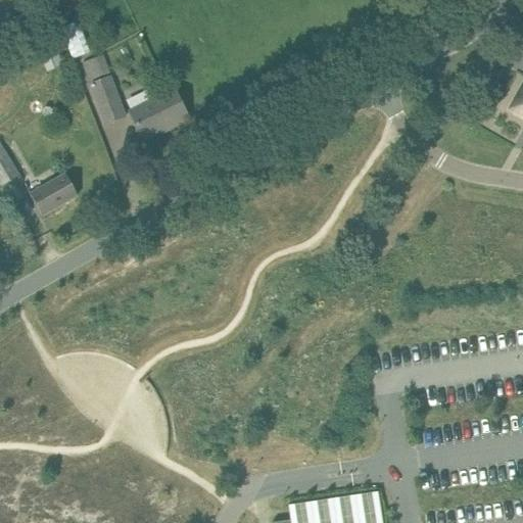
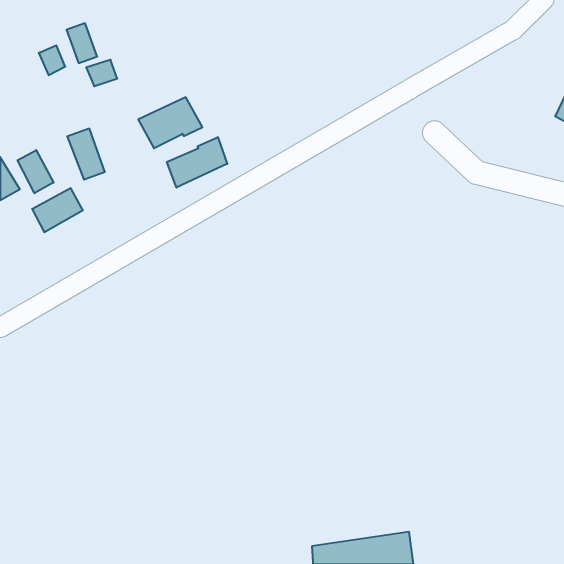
building: [90,76,125,123] -> [67,129,105,180]
building: none -> [167,137,227,188]
building: none -> [18,150,54,193]

